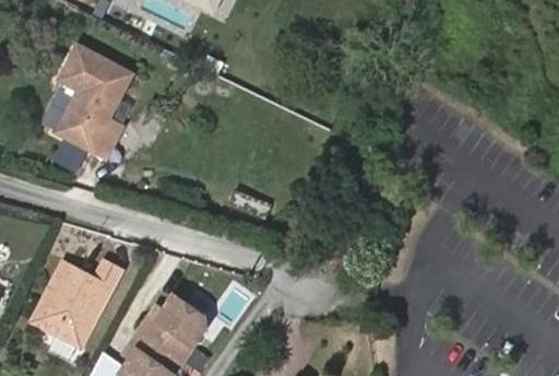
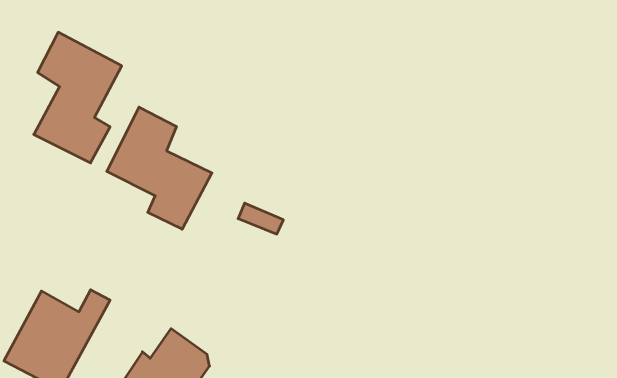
building: none -> [107,107,212,229]

